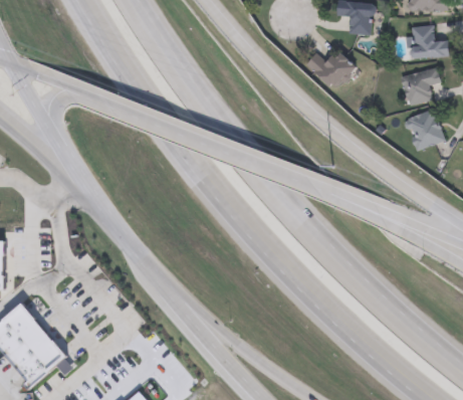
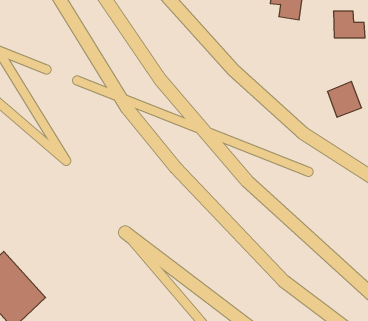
building: [305,49,356,89] -> none
building: [401,66,441,105] -> none

